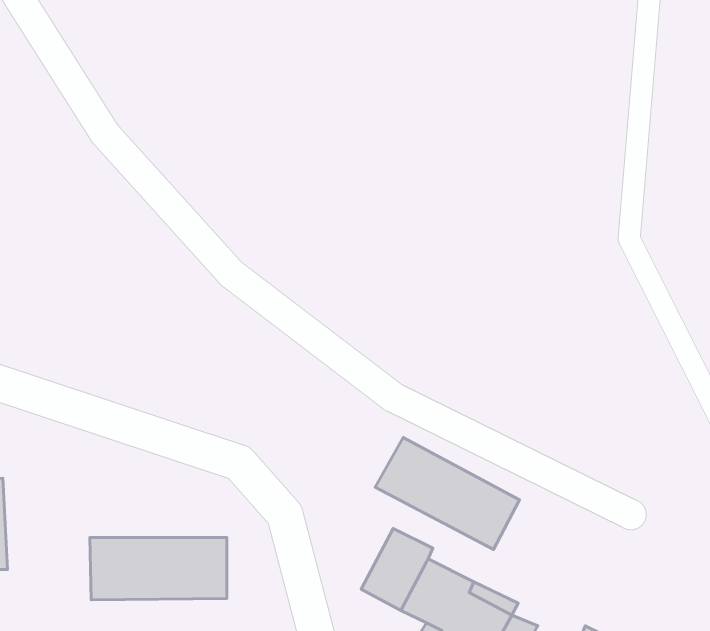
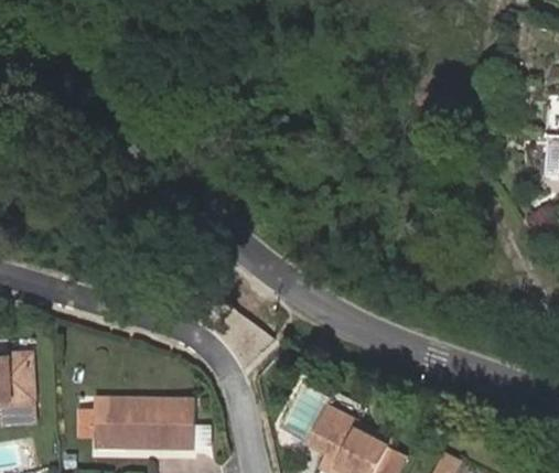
building: [375,437,519,549] -> none

